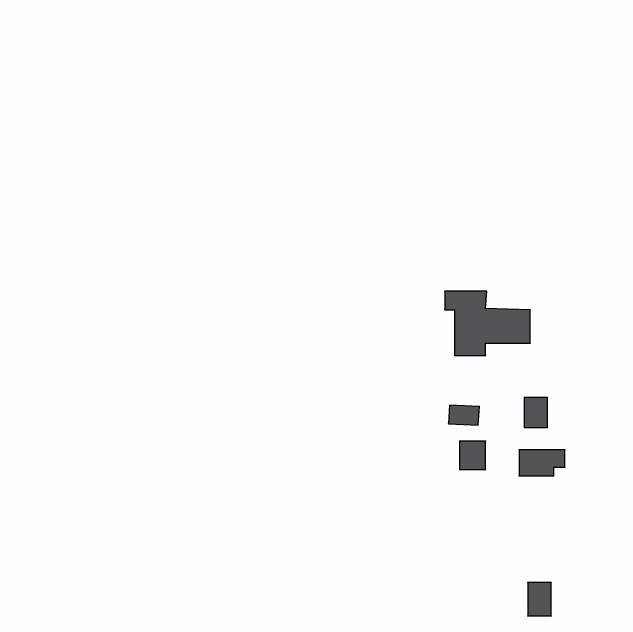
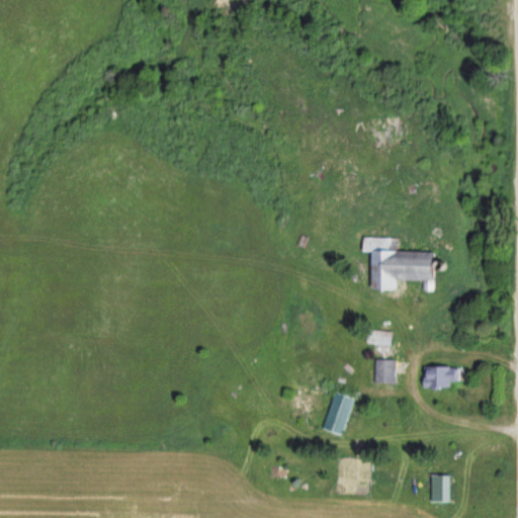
building: [524,397,547,428] -> none
building: none -> [323,392,355,435]

